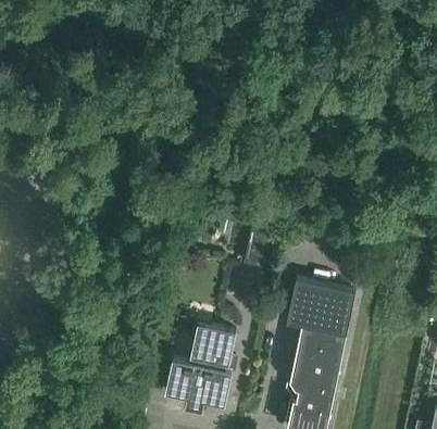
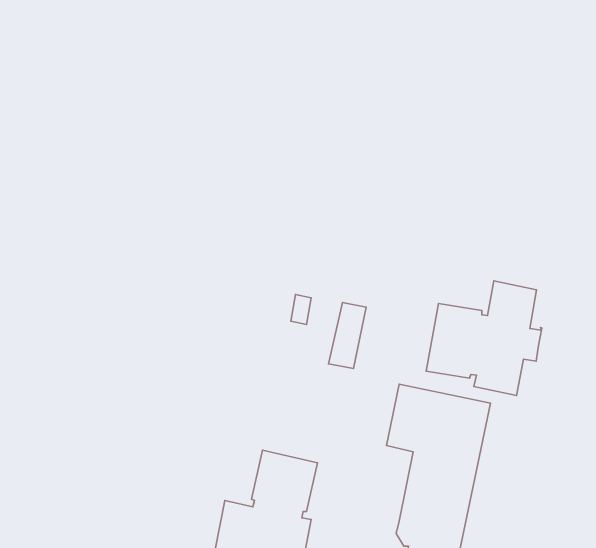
building: none -> [426,281,542,395]

